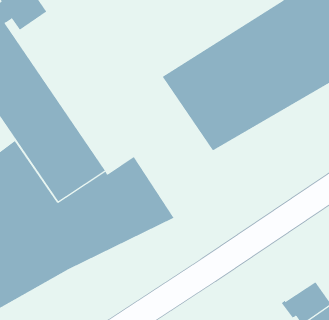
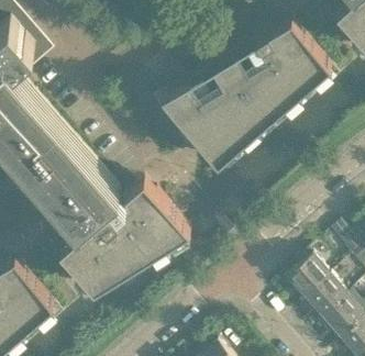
building: none -> [287,257,334,301]

